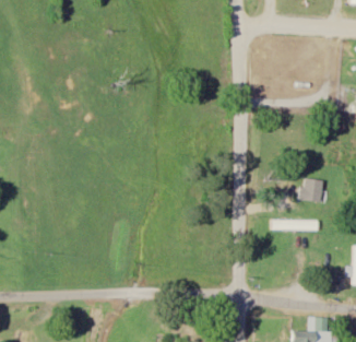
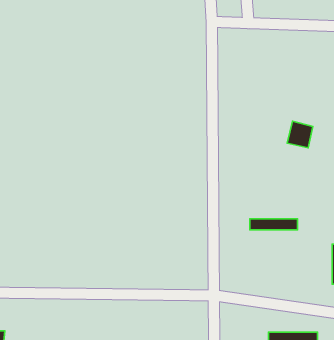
building: [299,177,324,203] -> [287,121,313,148]

